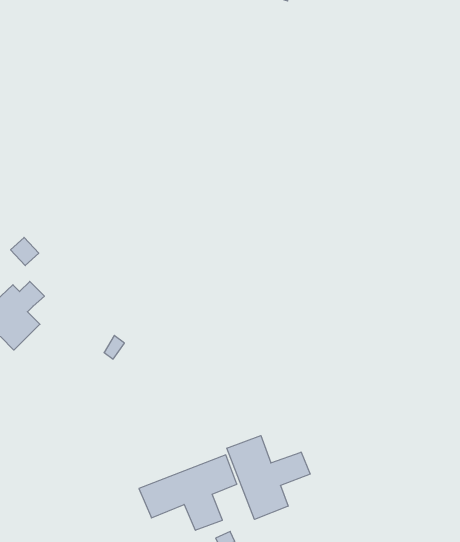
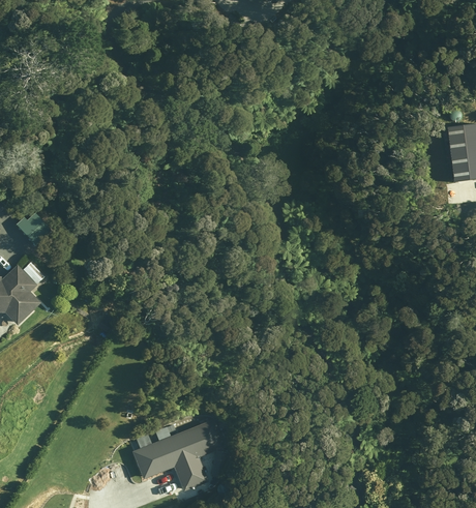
building: [227,436,310,519] -> none

